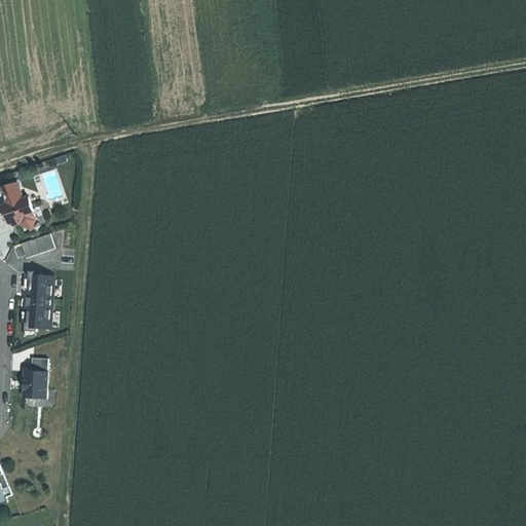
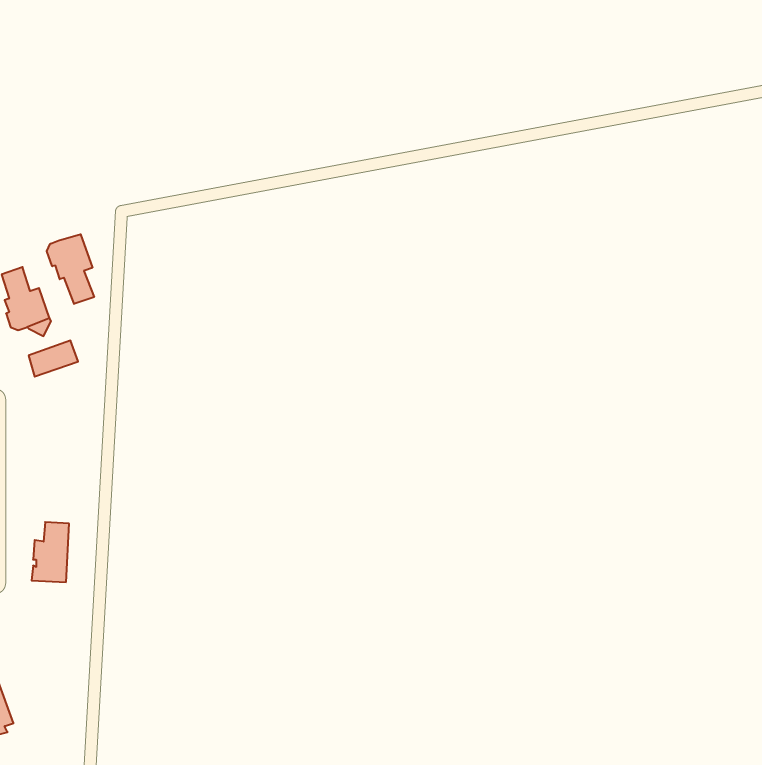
building: none -> [47,234,94,304]
building: [24,271,53,331] -> none

